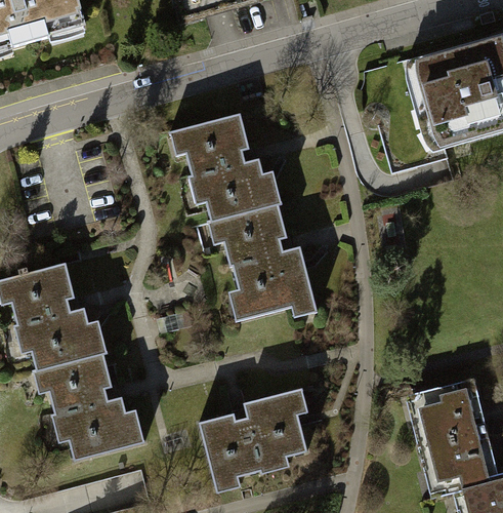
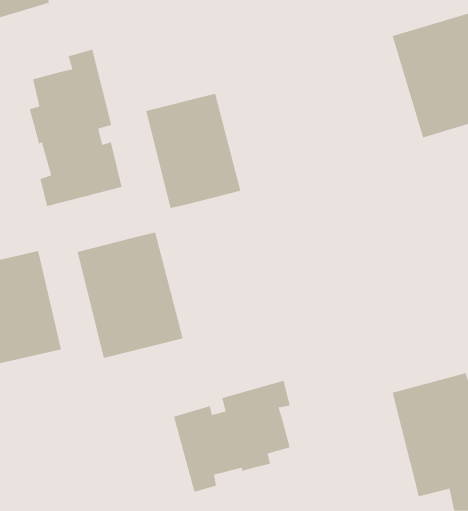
building: none -> [29,49,122,207]
building: [211,202,310,320] -> [77,232,183,358]
building: [43,352,132,462] -> none

